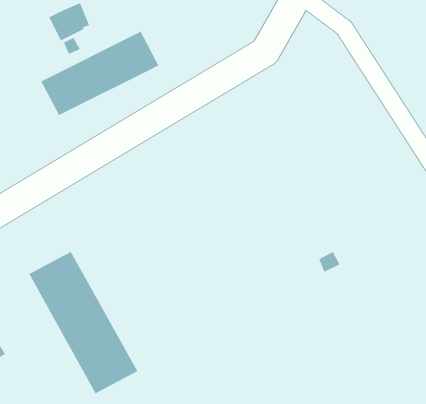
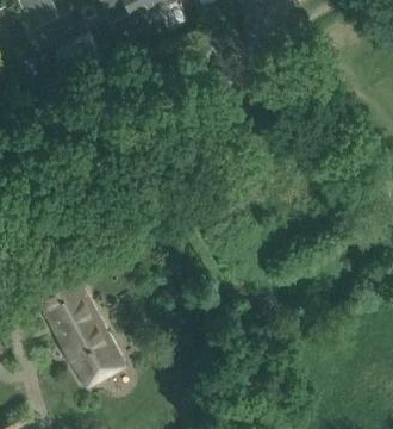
building: [41,31,159,116] -> none

